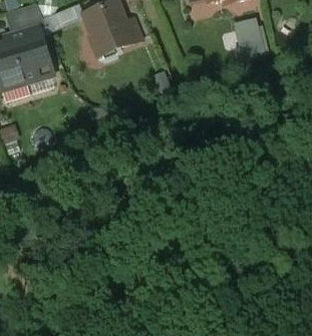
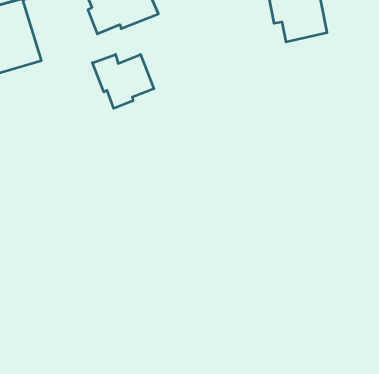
building: none -> [92,54,154,108]

